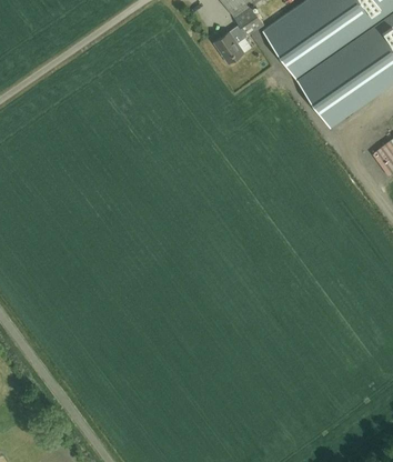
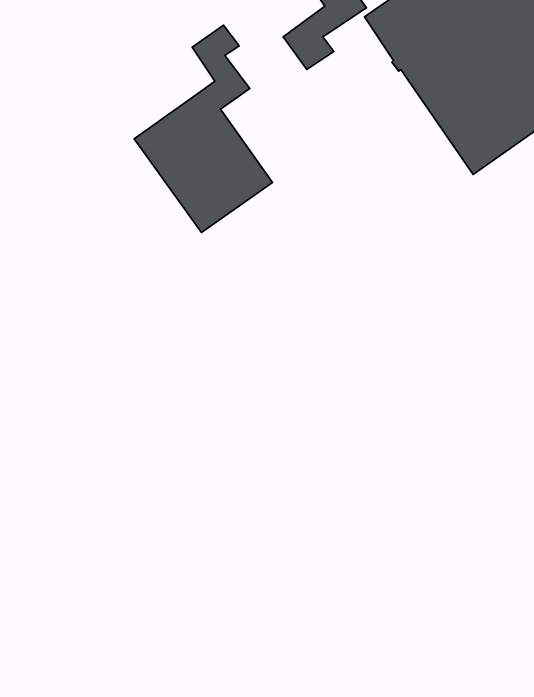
building: none -> [134,25,272,233]

